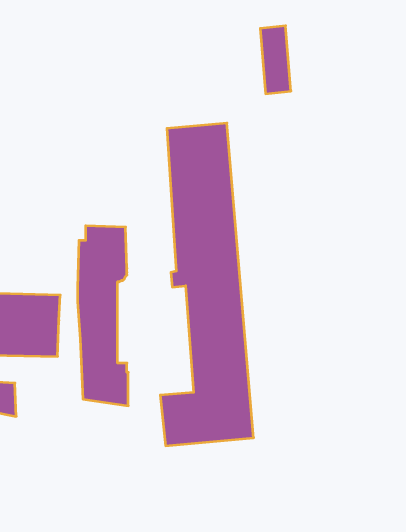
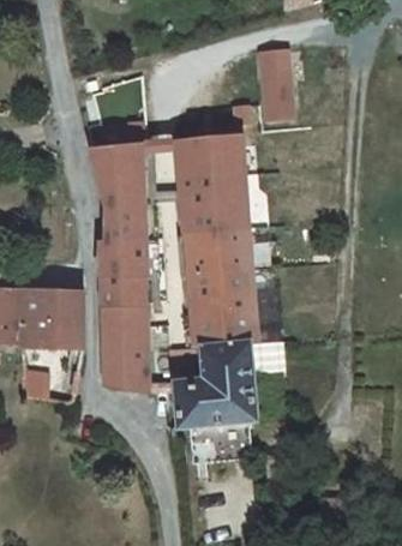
building: none -> [92,145,144,230]
building: none -> [149,152,176,197]

